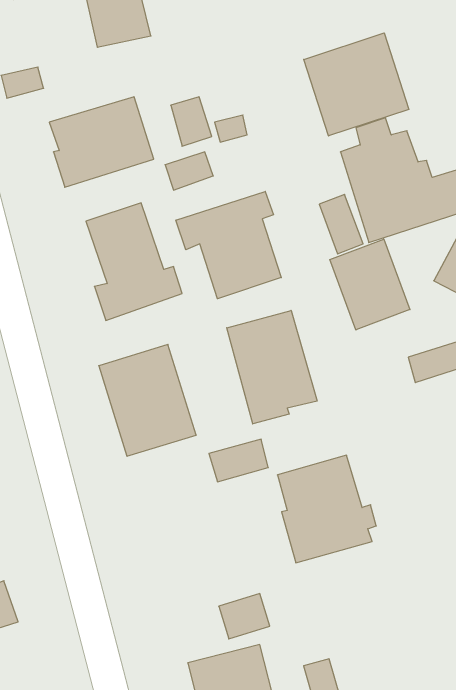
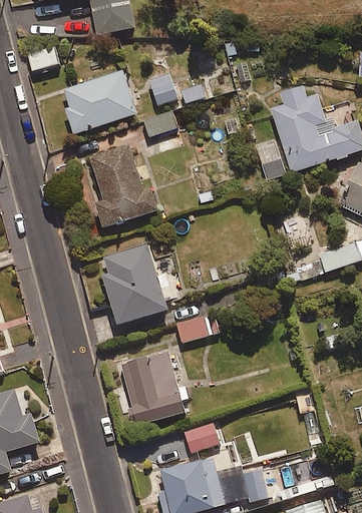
building: [304,33,409,136] -> none
building: [176,191,281,299] -> none
building: [330,239,410,330] -> none
building: [227,310,317,424] -> none
building: [277,455,376,563] -> [117,351,188,427]

